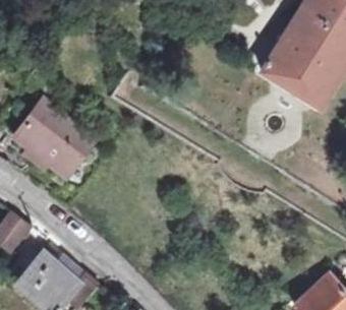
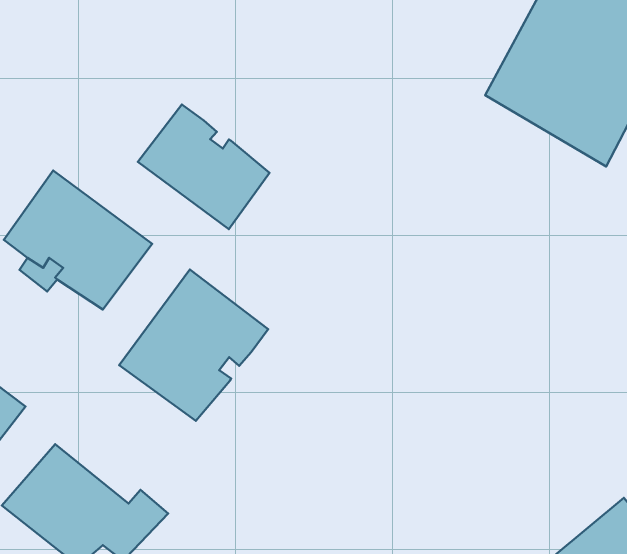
building: none -> [138,104,270,229]
building: none -> [119,270,268,421]

